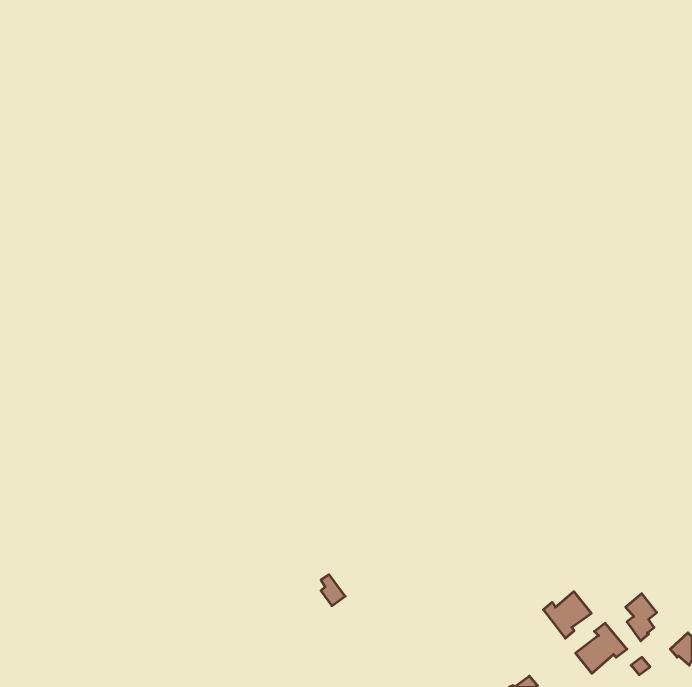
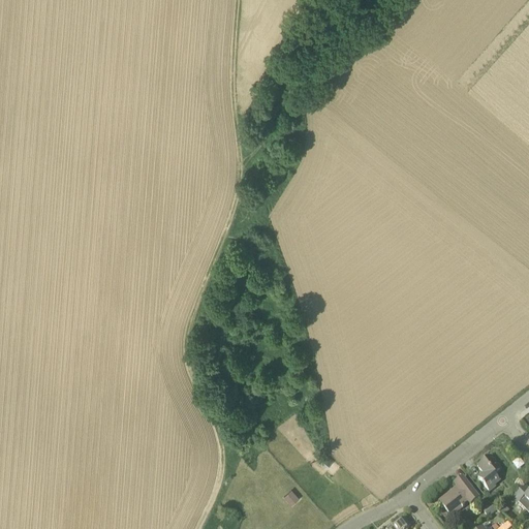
building: [543,592,591,638] -> none

